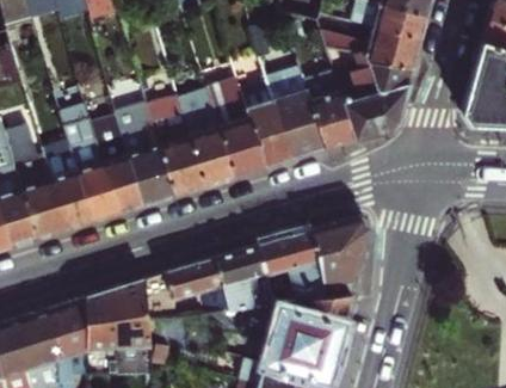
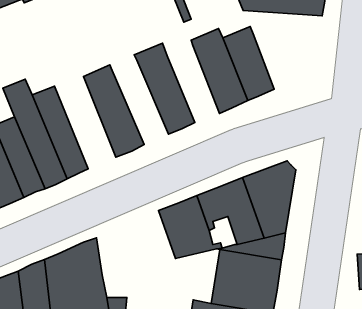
building: [329,50,414,138] -> none
building: [242,82,292,166] -> none
building: [180,92,235,184] -> none
building: [117,100,175,204] -> none
building: [146,257,229,320] -> none

